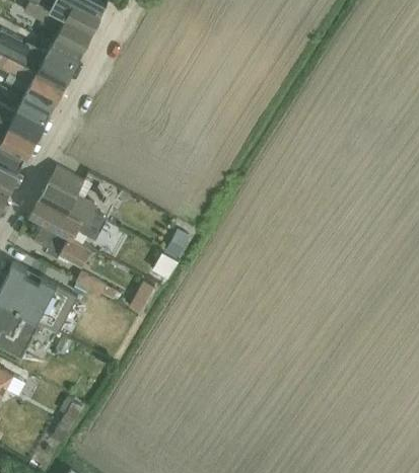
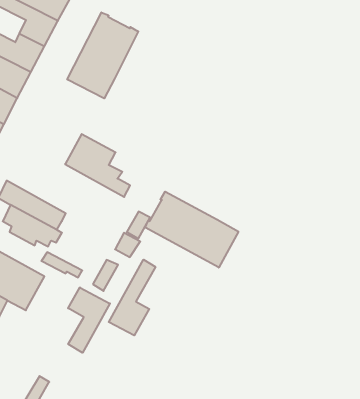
building: none -> [67,12,138,98]
building: [39,166,107,232] -> [65,134,130,197]
building: none -> [145,192,238,268]
building: none -> [109,260,155,335]
building: none -> [68,287,110,353]

